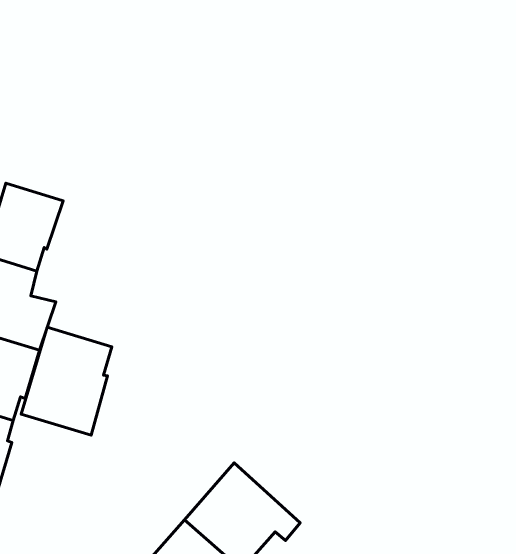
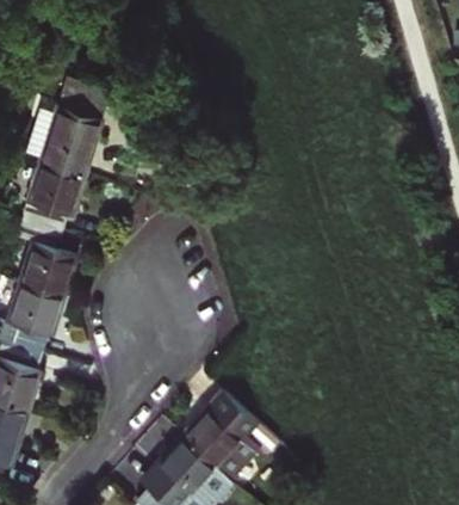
building: none -> [35,80,108,183]
building: [21,327,112,435] -> none

